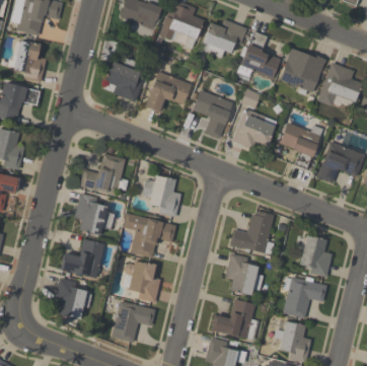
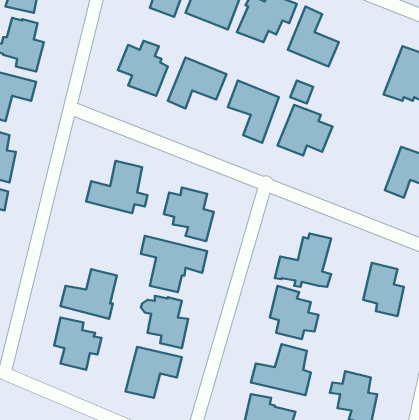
building: [280,48,326,95] -> none
building: [281,123,323,156] -> none
building: [75,193,114,235] -> none
building: [283,277,326,318] -> none

